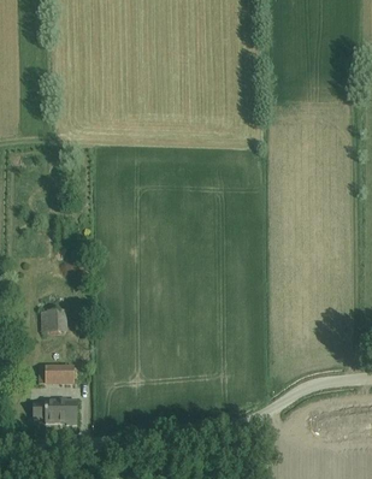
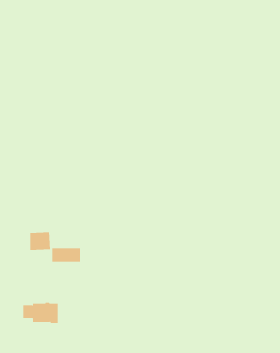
building: [39,365,75,383] -> [52,248,81,262]

